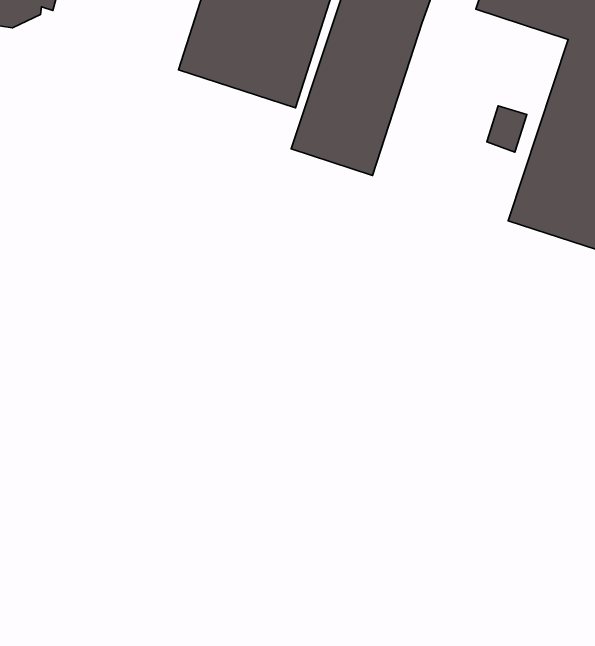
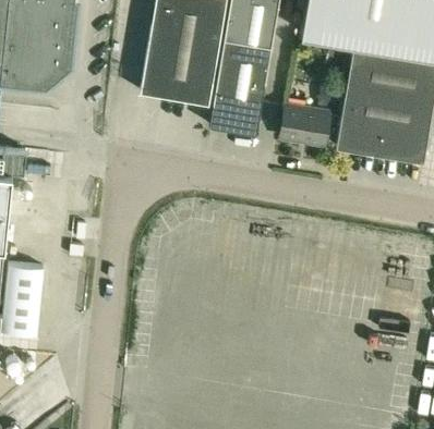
building: none -> [280,108,329,147]

